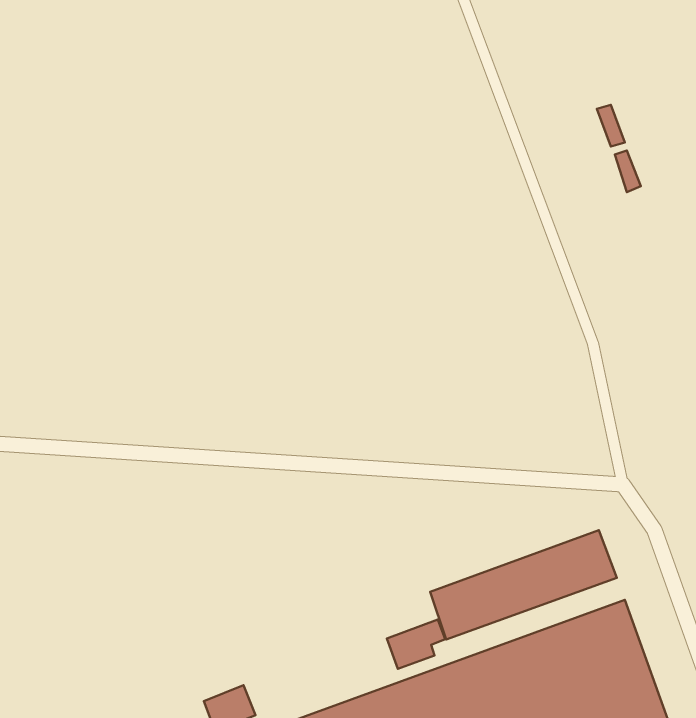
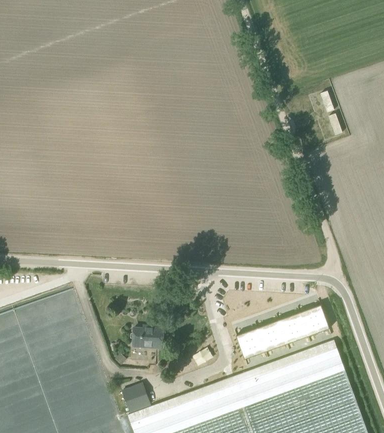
building: none -> [133,329,165,351]
building: [387,619,445,669] -> none

